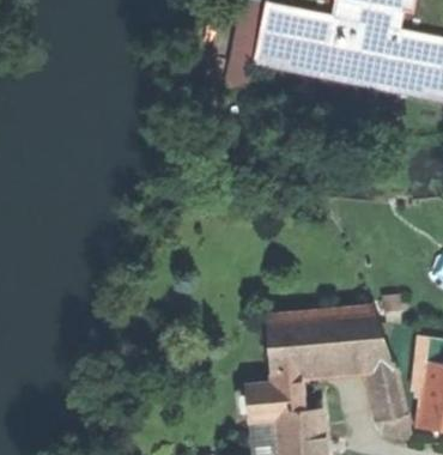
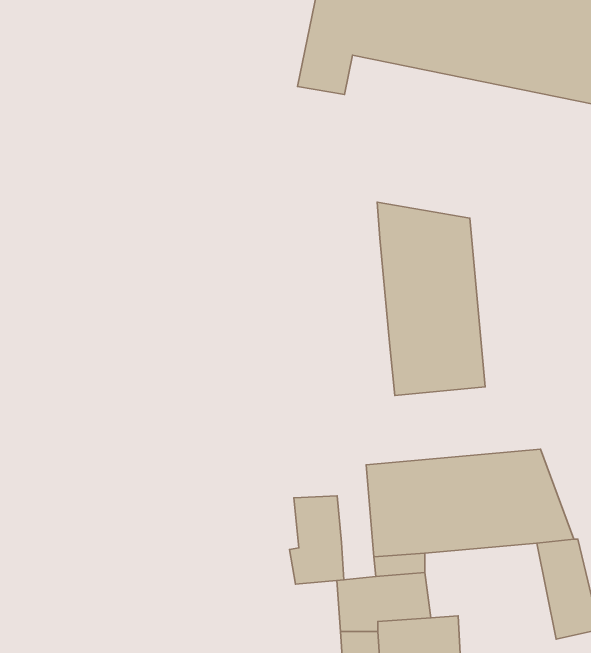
building: none -> [377,202,485,395]
building: none -> [290,496,344,584]

